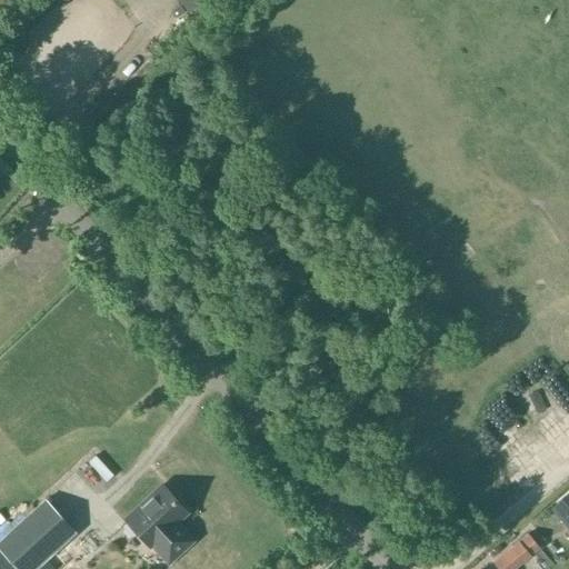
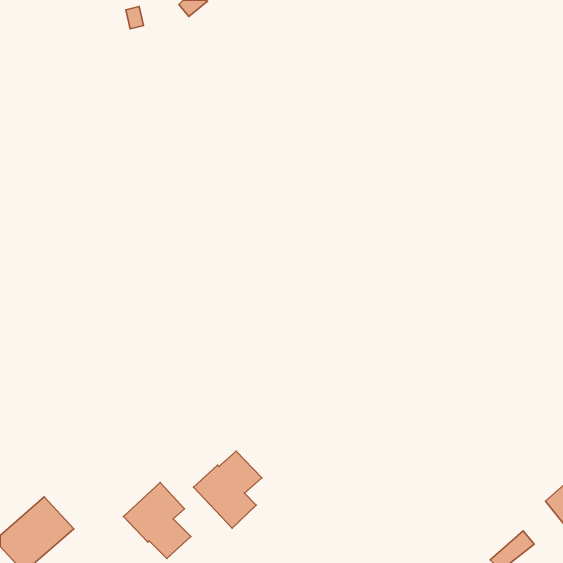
building: none -> [194,451,262,528]

